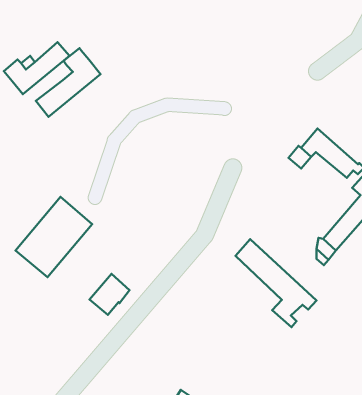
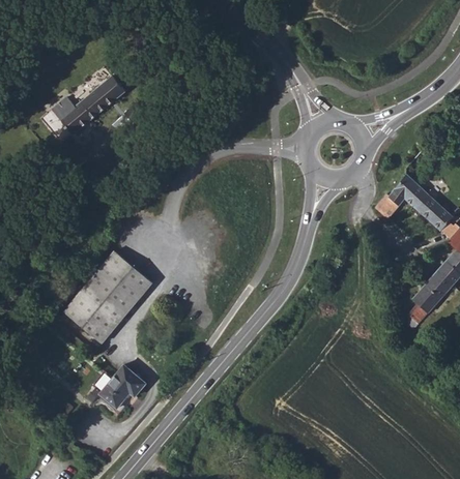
building: [36,48,100,117] -> none
building: [236,239,316,327] -> none
building: [89,274,130,315] -> [98,365,144,412]

